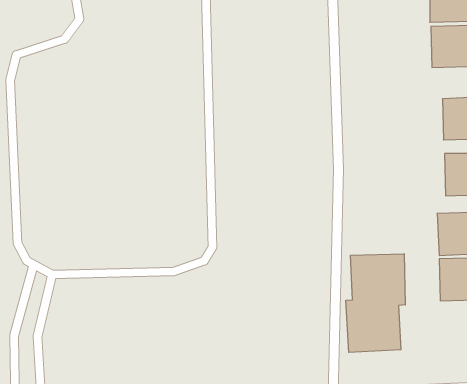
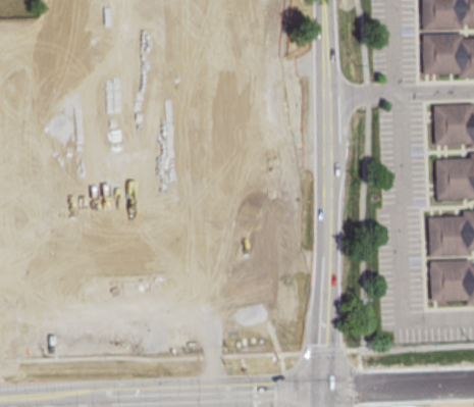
building: [346,254,405,352] -> none

